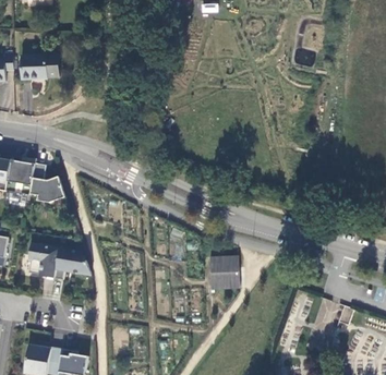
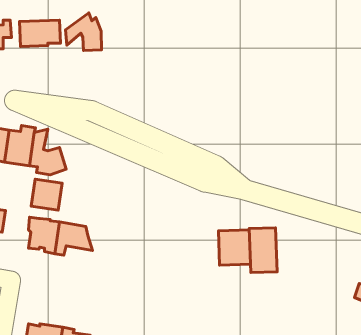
building: none -> [65,13,102,51]
building: none -> [31,179,62,210]
building: none -> [249,228,277,273]

